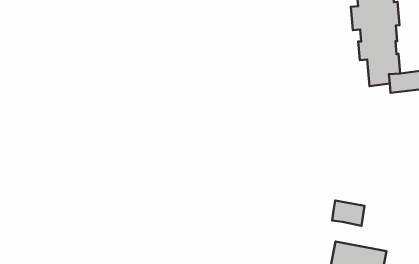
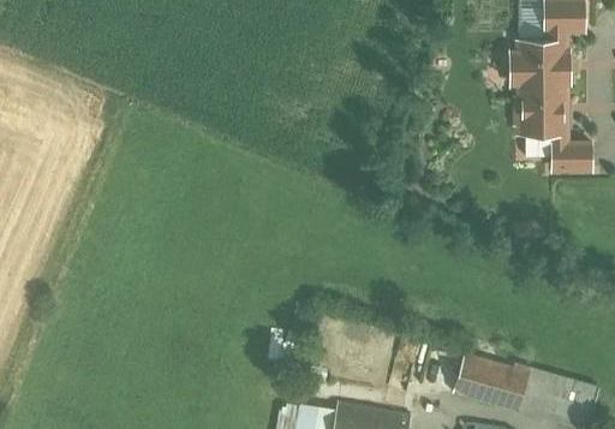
building: [332,200,365,226] -> none

